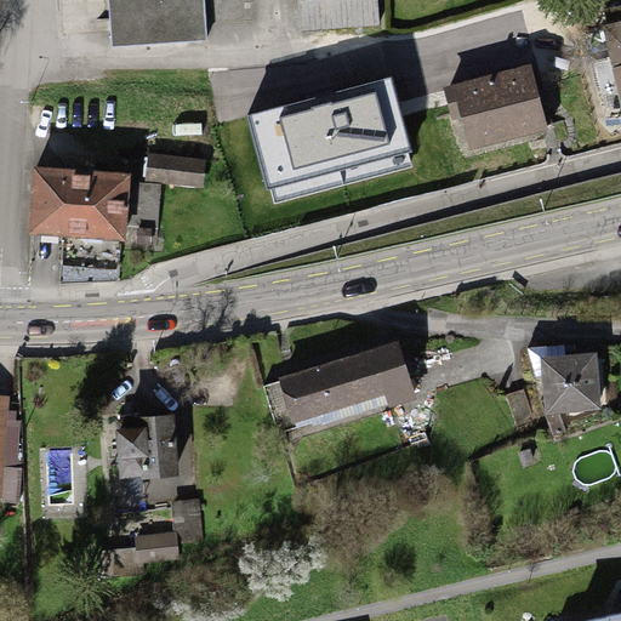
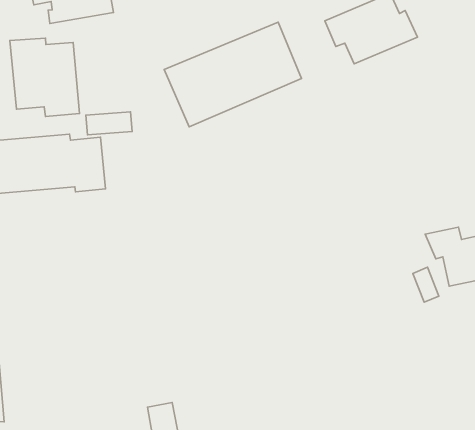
building: none -> [10,38,79,116]
building: [267,340,418,431] -> none
building: [113,414,176,472] -> none

